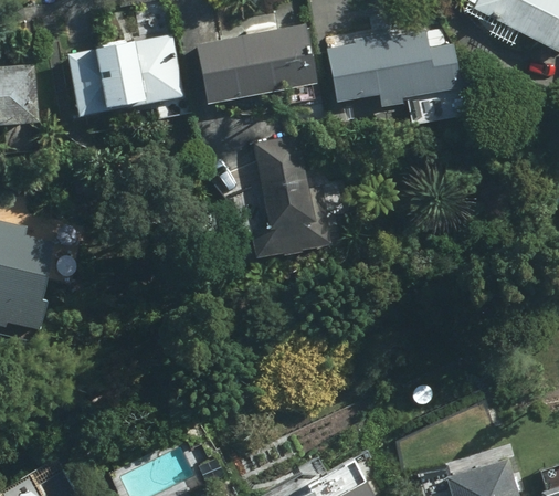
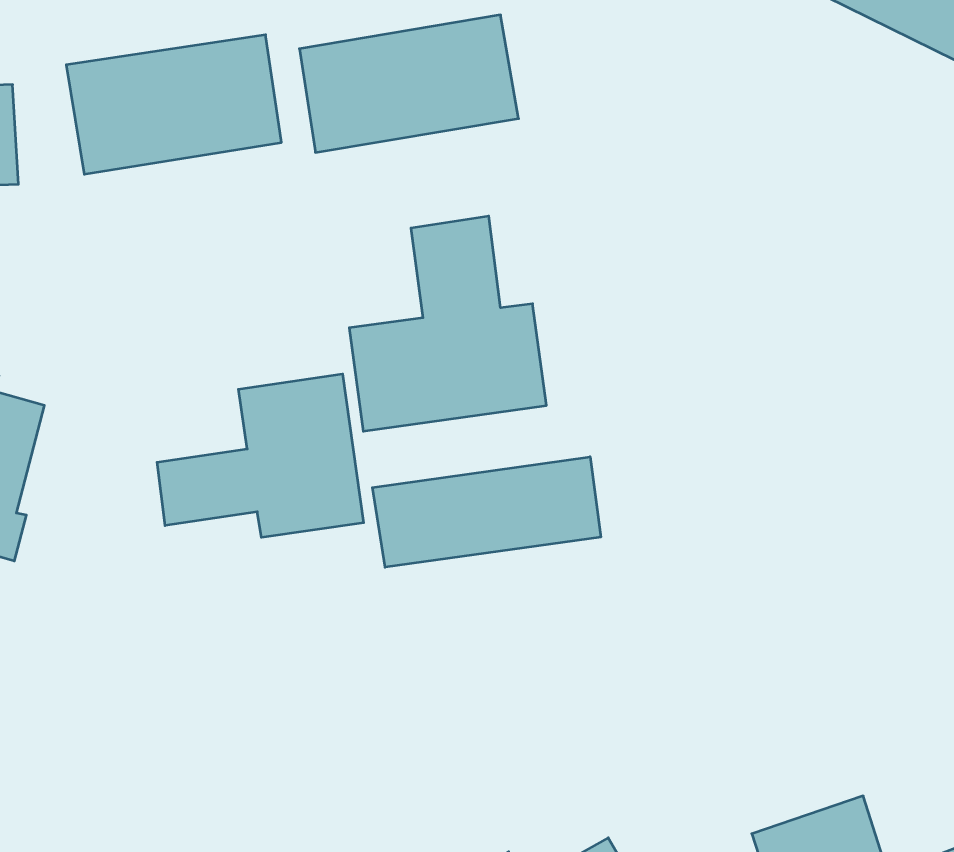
building: [326,32,470,106] -> none
building: none -> [157,374,364,537]
building: none -> [372,457,601,567]

